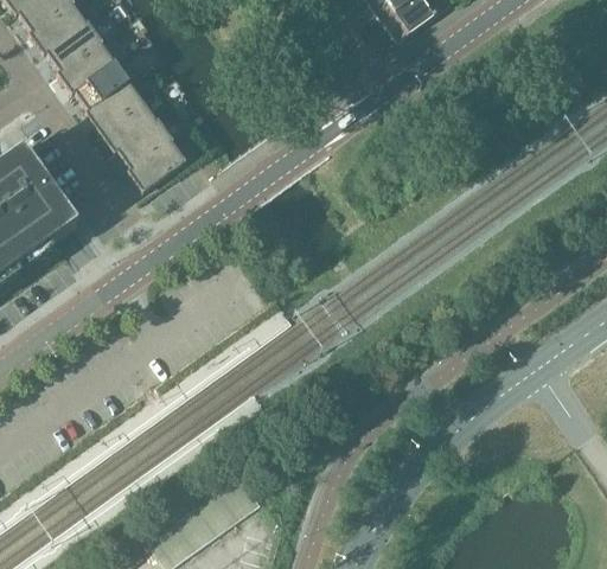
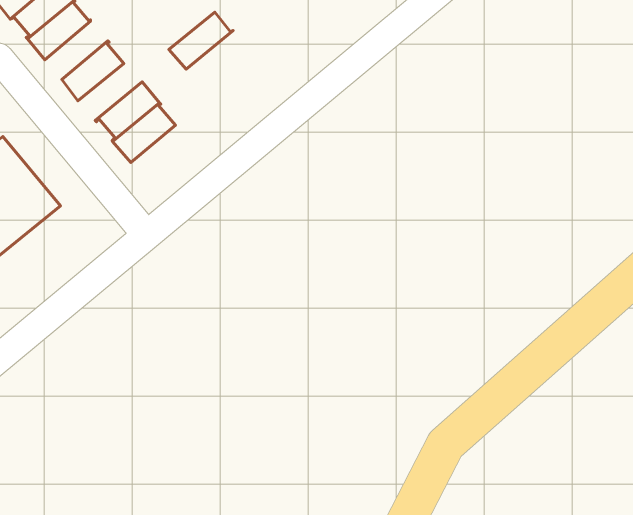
building: [70,55,128,106] -> none
building: [97,95,156,145] -> [169,12,233,69]

